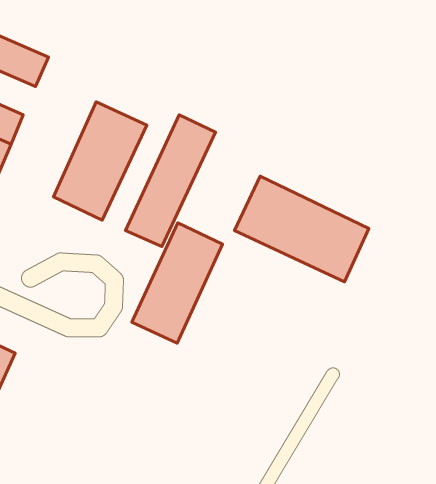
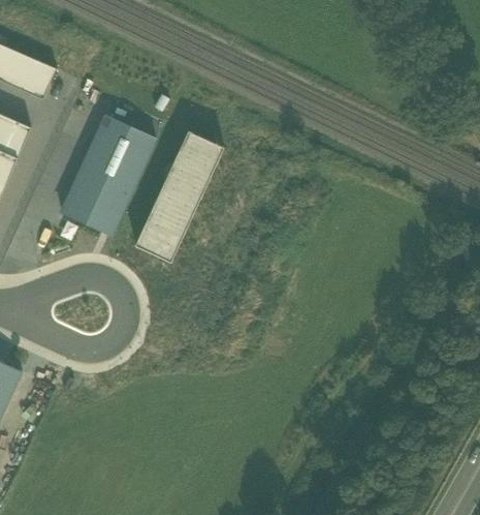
building: [234,176,369,282] -> none
building: [132,223,222,343] -> none

